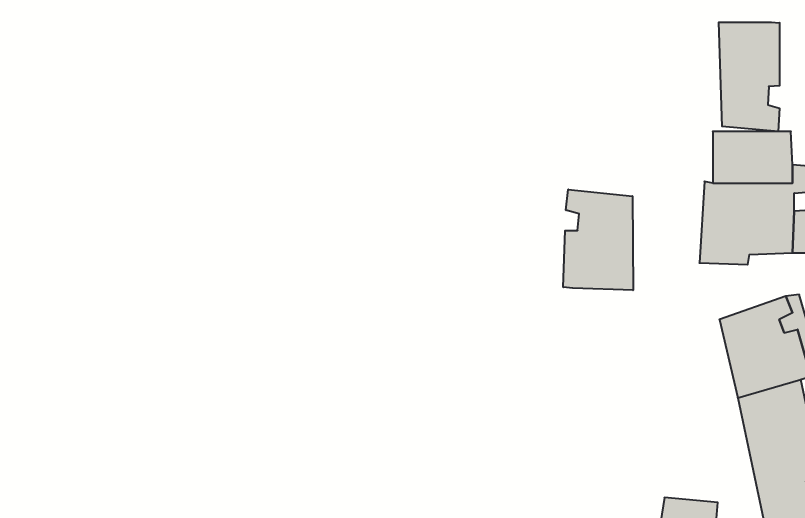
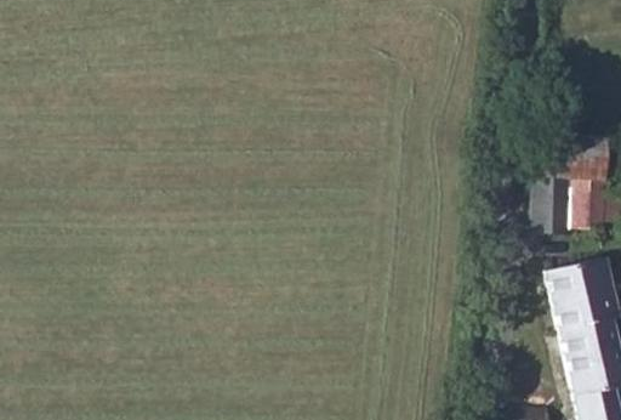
building: [719,22,780,131] -> none
building: [563,189,633,290] -> none

